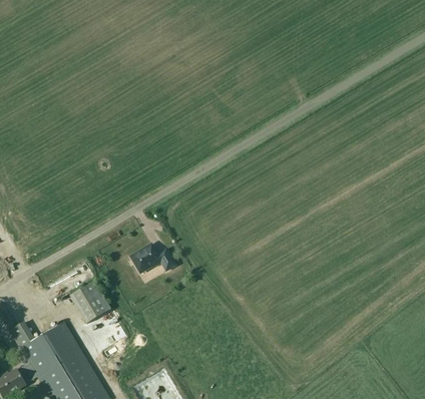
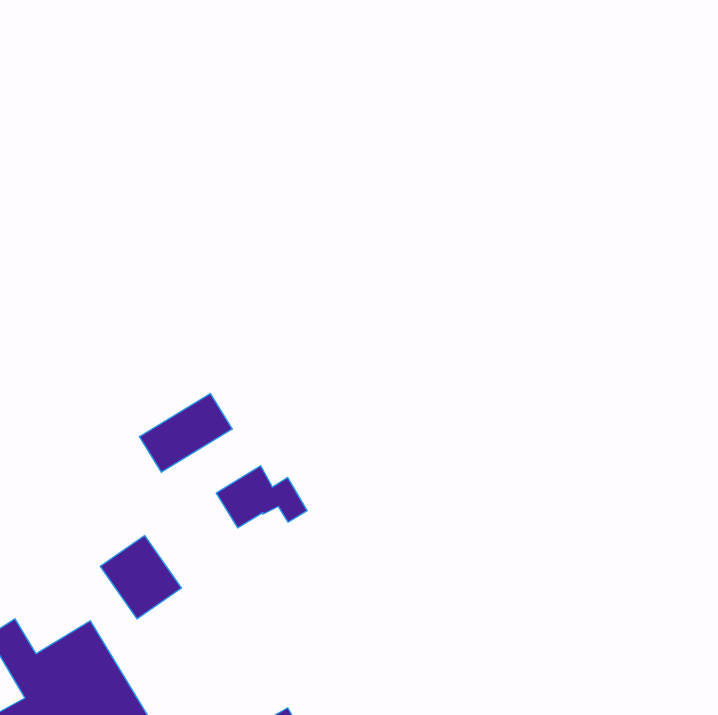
building: none -> [139,393,232,472]

